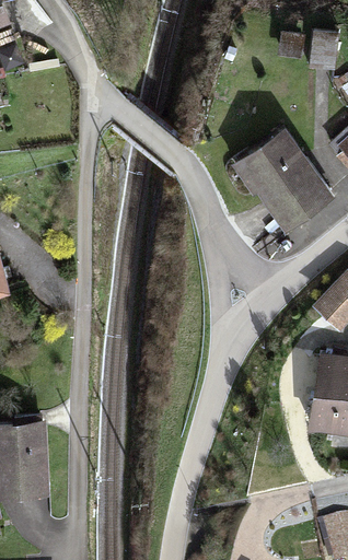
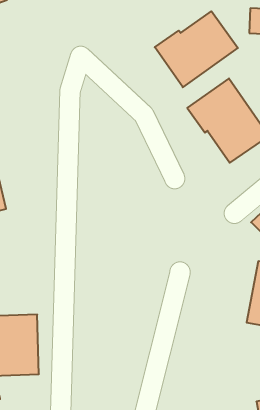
building: none -> [155,11,238,87]

